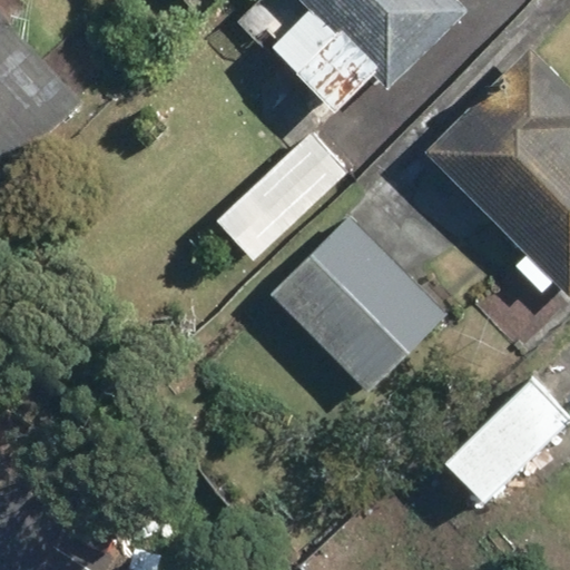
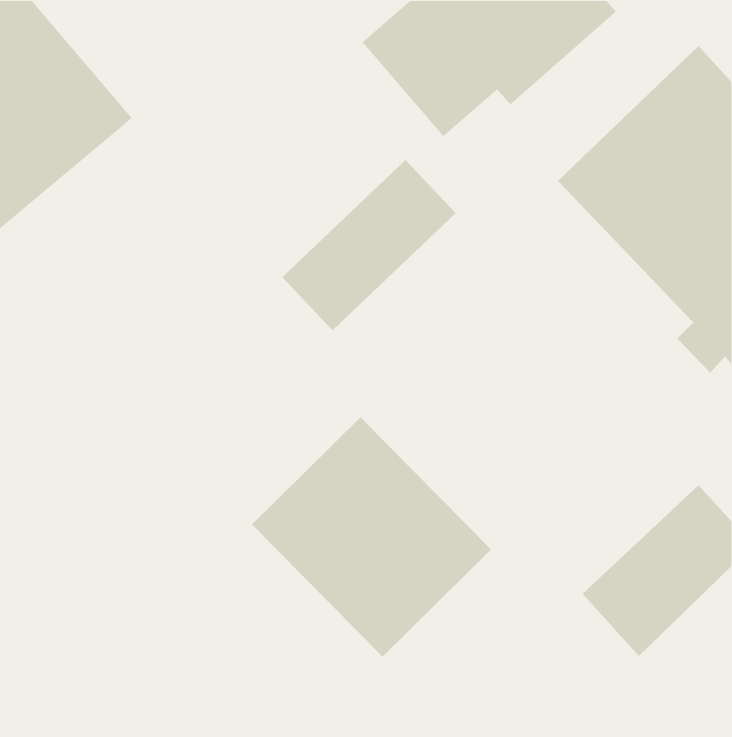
building: [264,214,448,397] -> [251,417,492,657]

